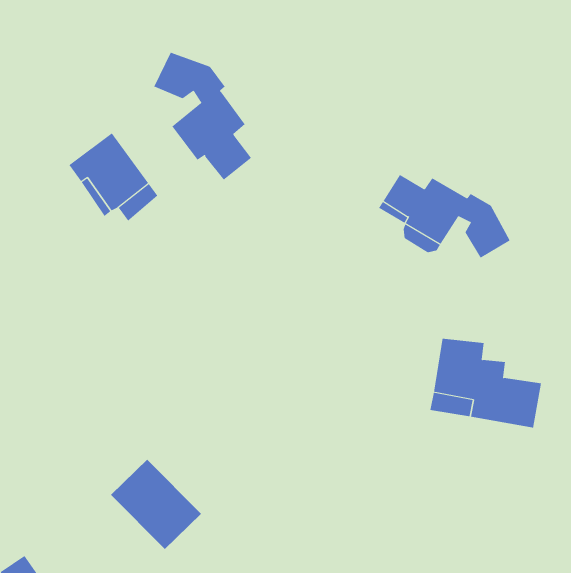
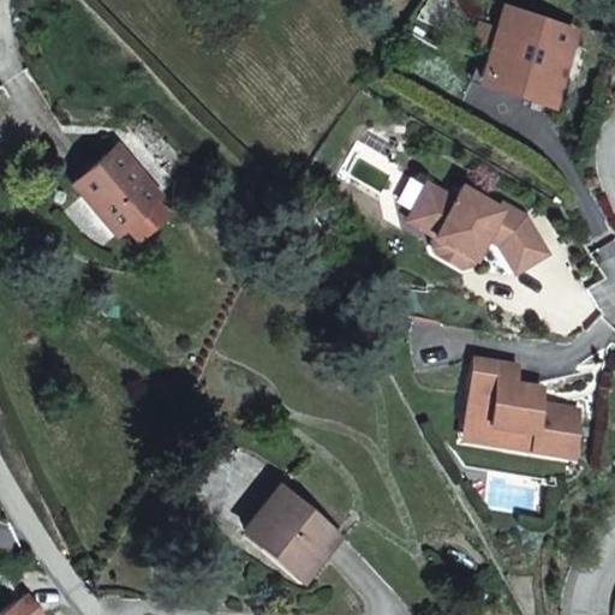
building: none -> [478,7,577,105]
building: [153,52,252,180] -> none
building: [110,459,202,550] -> [244,480,342,578]

